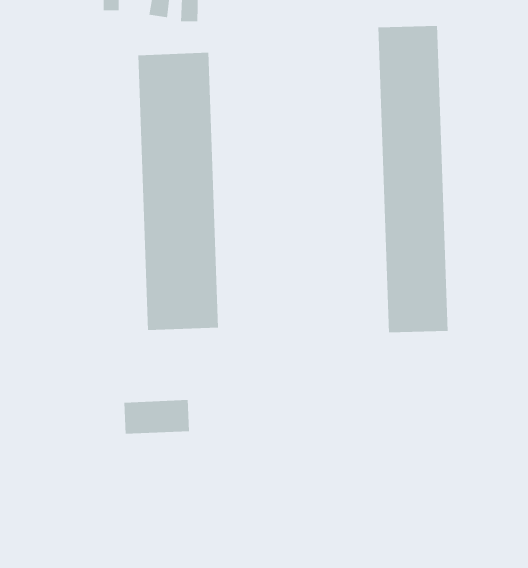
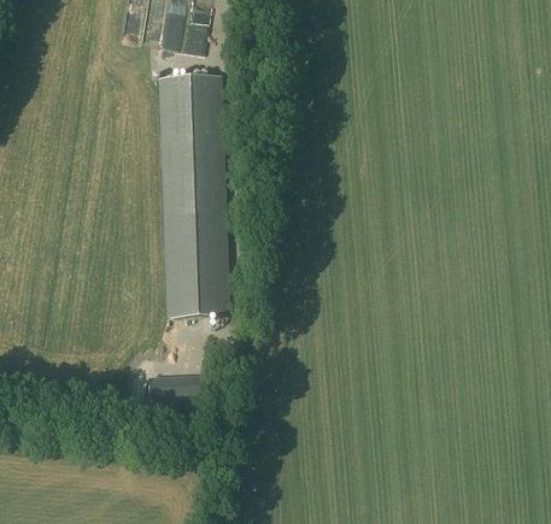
building: [378,25,448,333] -> none

